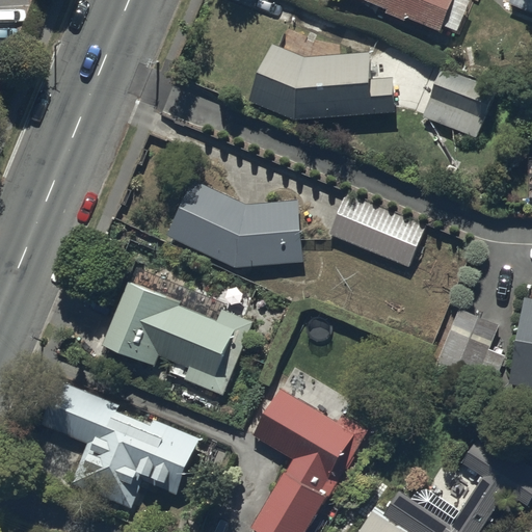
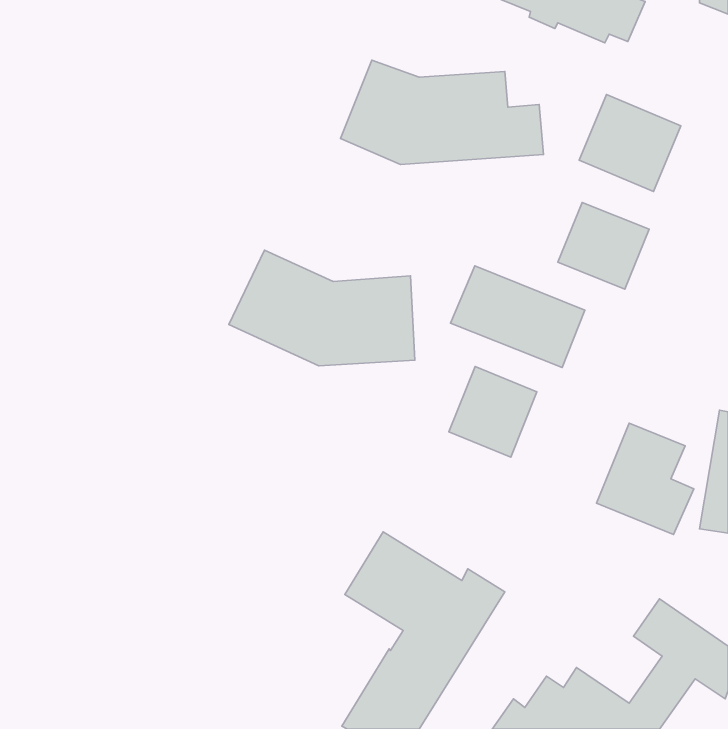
building: none -> [558,203,649,289]
building: none -> [449,367,537,457]
building: [103,282,254,397] -> none
building: [39,379,201,507] -> none

